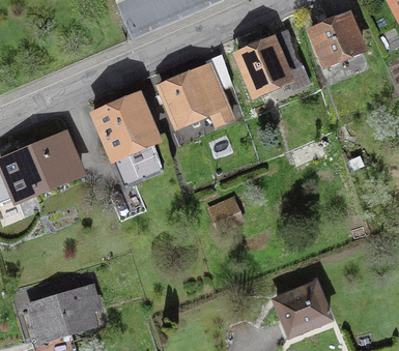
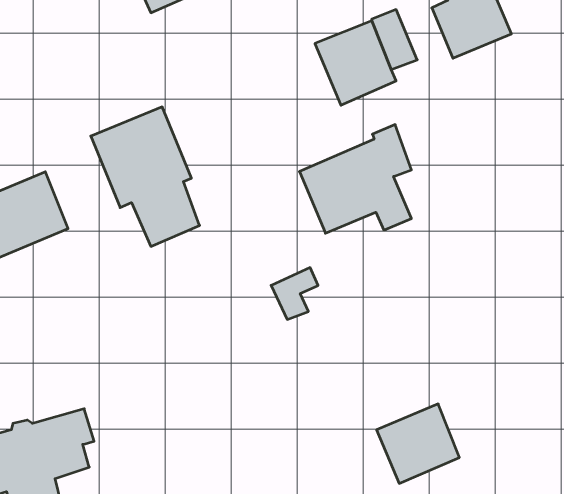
building: [161,56,232,125] -> [299,125,411,233]

